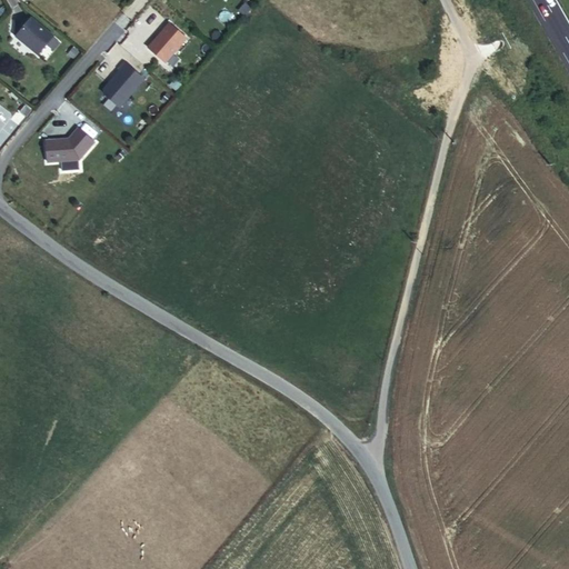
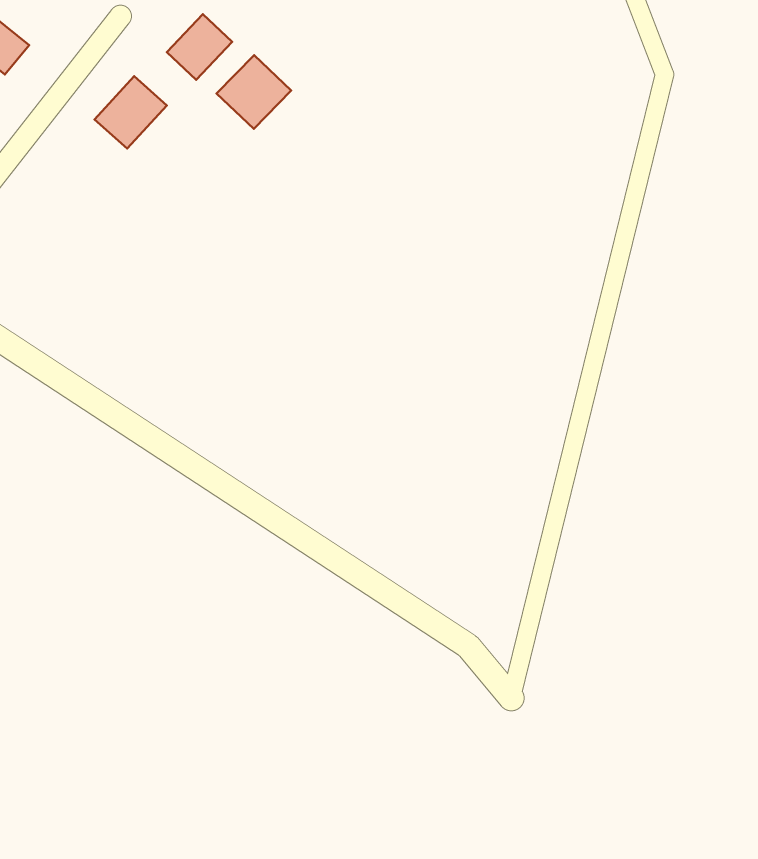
building: none -> [217,55,291,129]
building: [47,132,89,161] -> none

